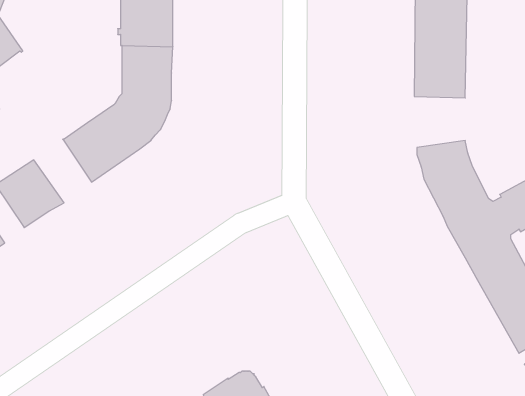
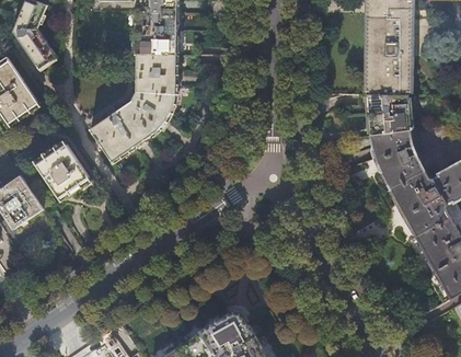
building: none -> [368,94,412,135]

